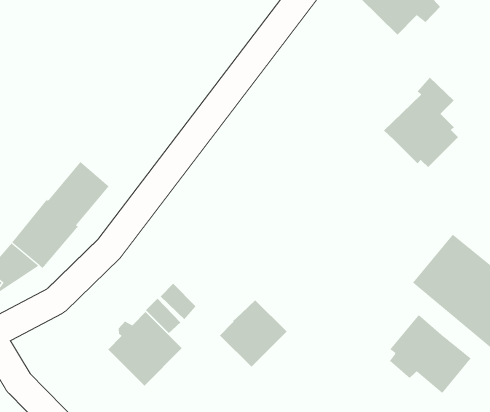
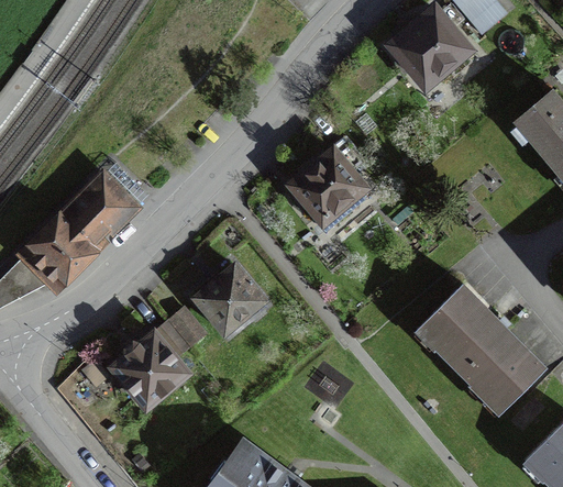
building: [383,77,459,168] -> [291,137,365,226]
building: [219,300,287,367] -> [195,267,262,333]
building: [389,314,472,394] -> none

